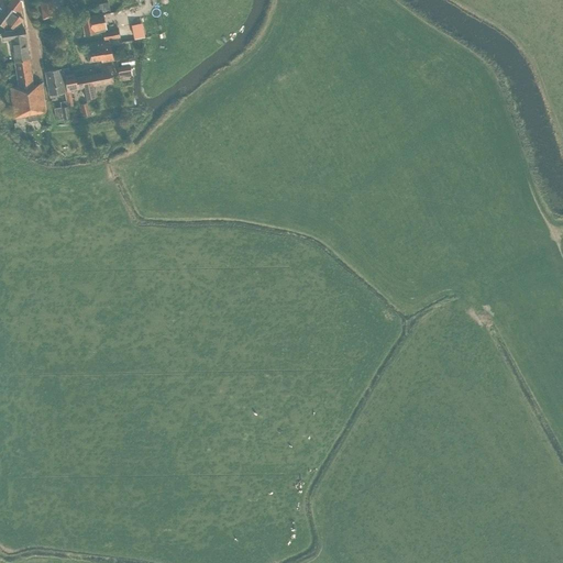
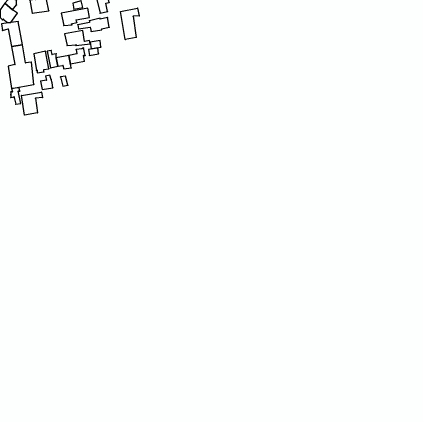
building: none -> [121,8,139,40]
building: none -> [22,92,43,115]

